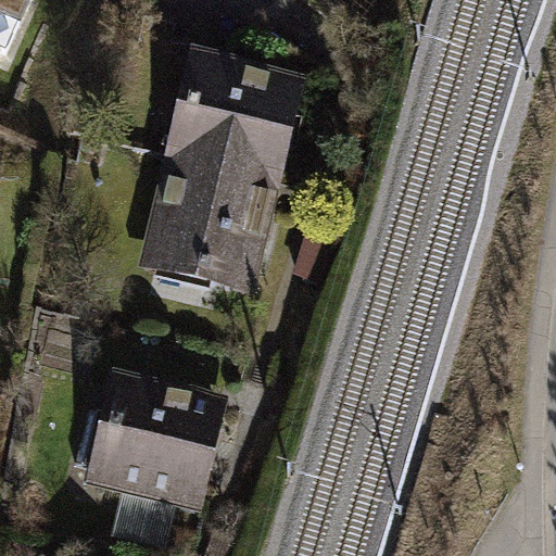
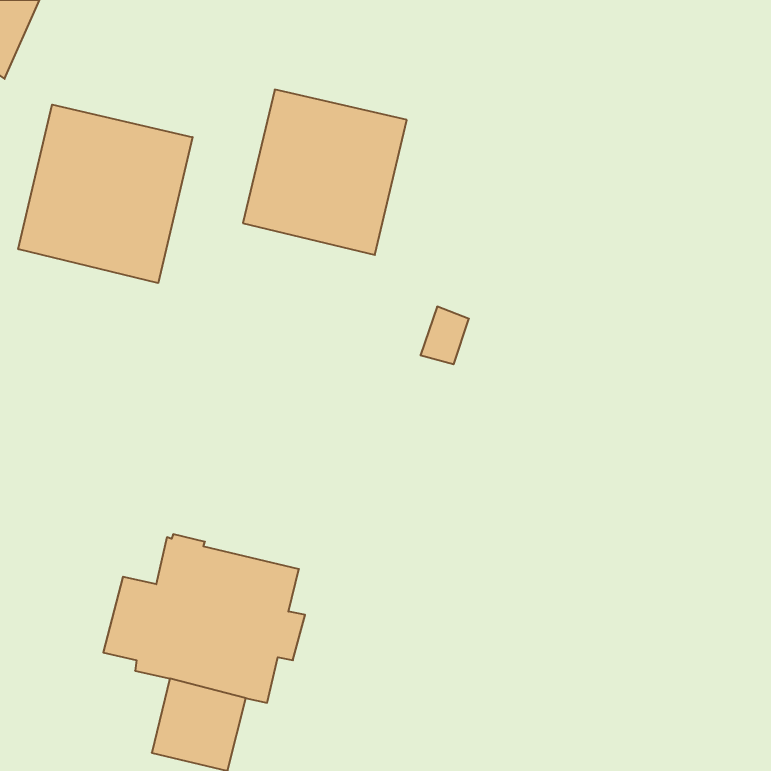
building: none -> [18,105,193,283]
building: [150,163,268,288] -> none

